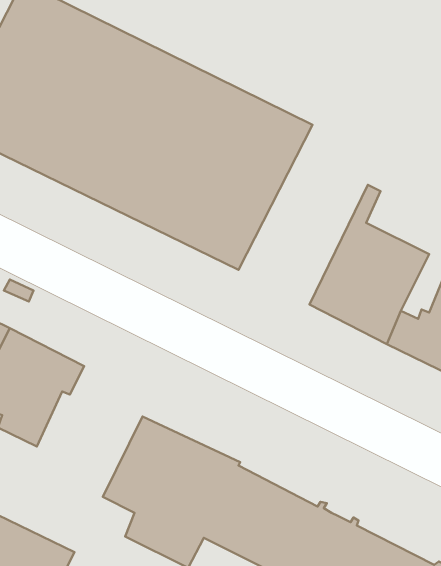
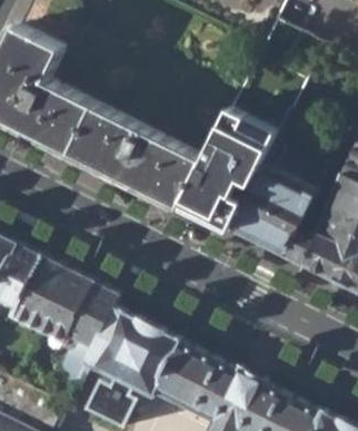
building: none -> [179,99,277,229]
building: none -> [37,273,118,383]

